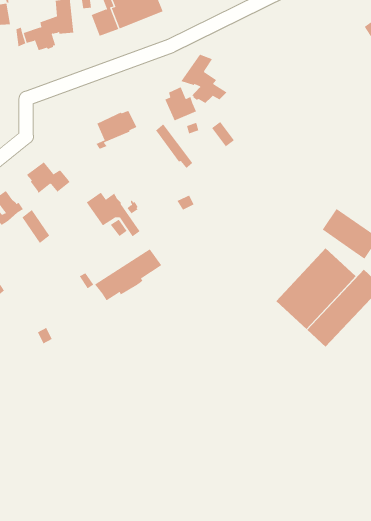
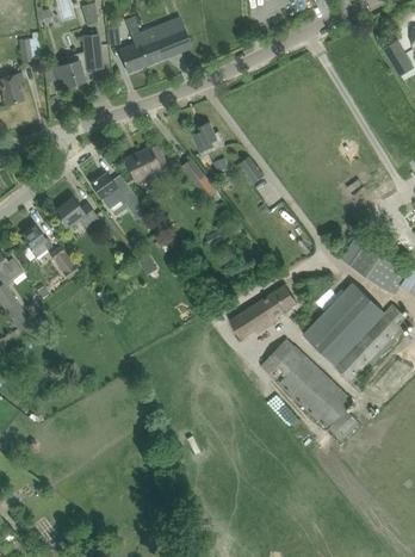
building: [180,54,228,104] -> none
building: [86,192,141,237] -> [91,173,145,218]
building: [94,249,162,301] -> [228,285,296,338]
building: none -> [260,339,359,441]

